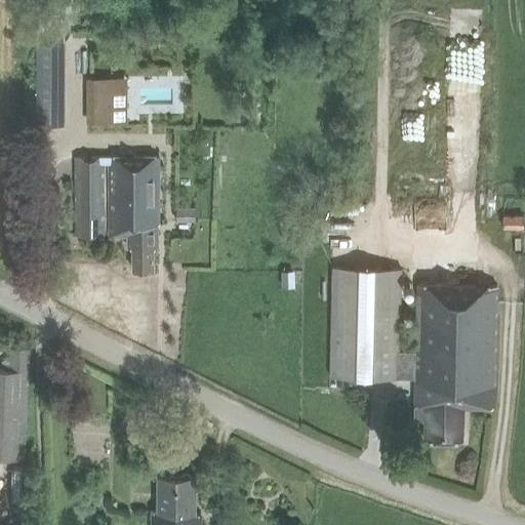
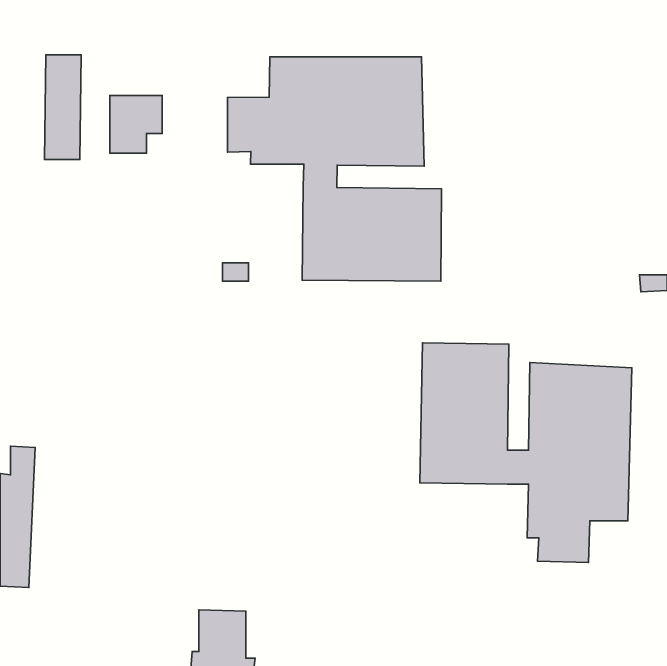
building: none -> [228,57,442,281]
building: [74,160,160,274] -> none

